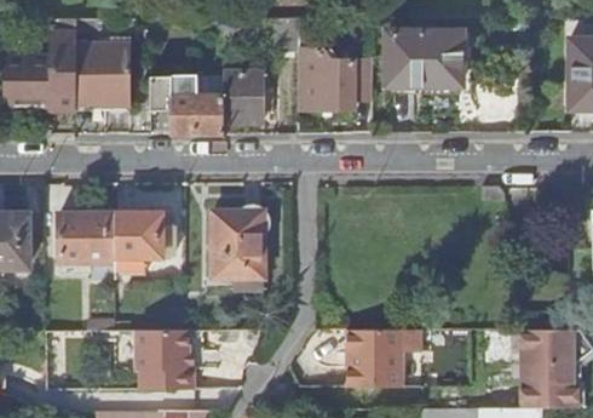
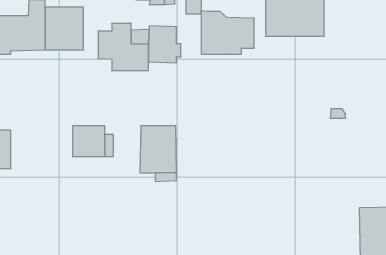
building: [57,212,114,263] -> none
building: [136,330,192,384] -> none
building: [345,330,421,386] -> none

